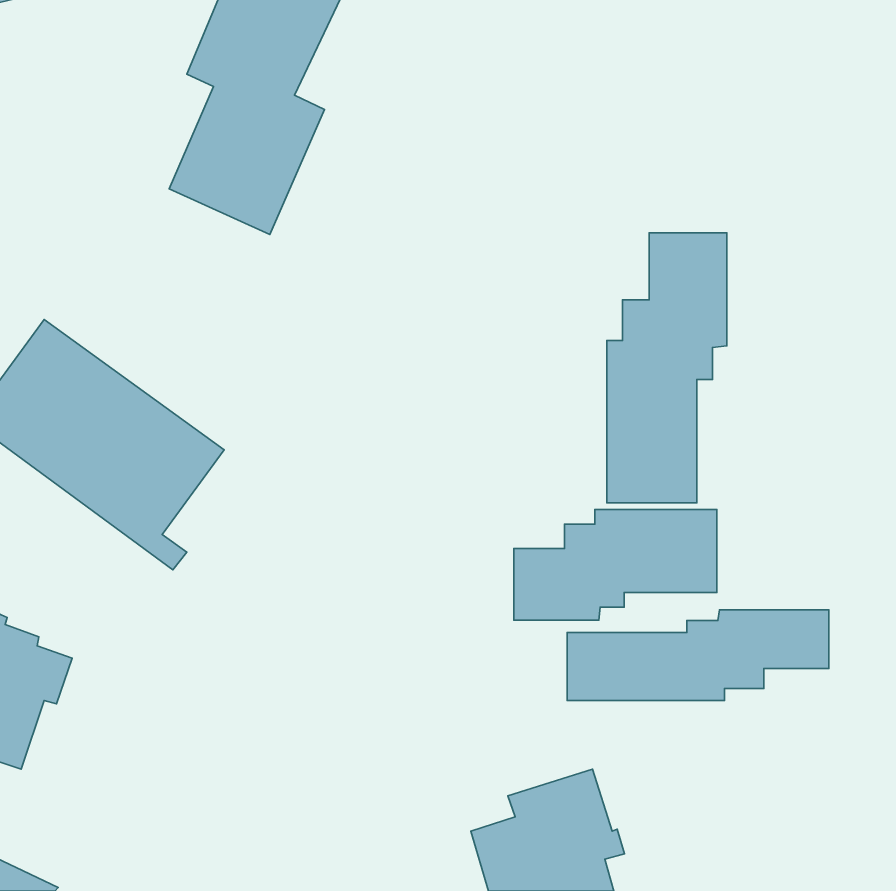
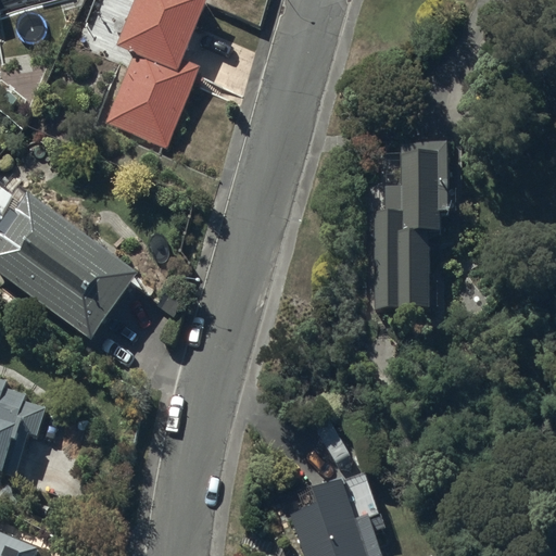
building: [514,510,717,620] -> none
building: [567,610,829,701] -> none

